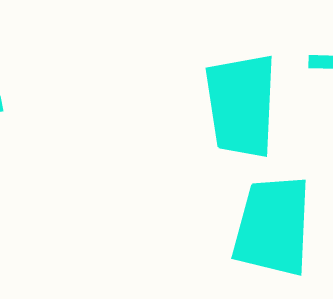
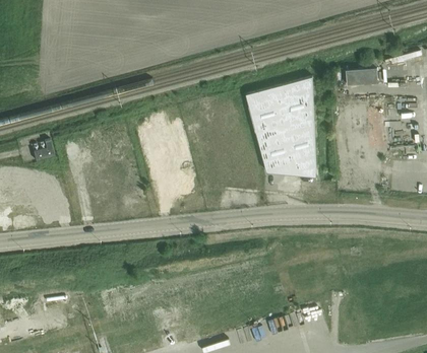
building: [230,179,307,277] -> none

